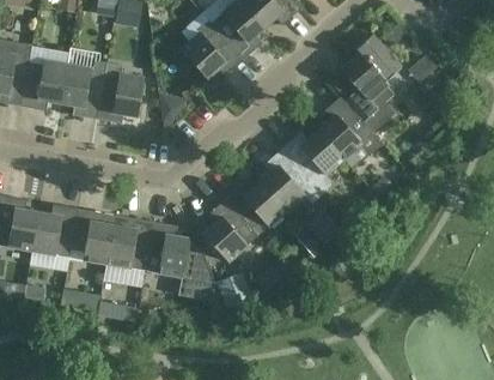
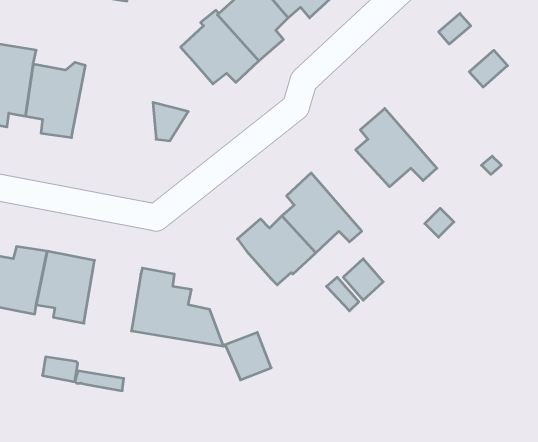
building: [340,35,400,133] -> none
building: [96,64,142,125] -> none
building: [282,129,343,193] -> none
building: [202,199,256,261] -> none
building: [105,216,151,271] -> none

